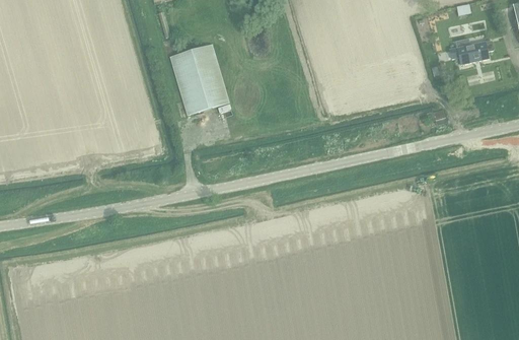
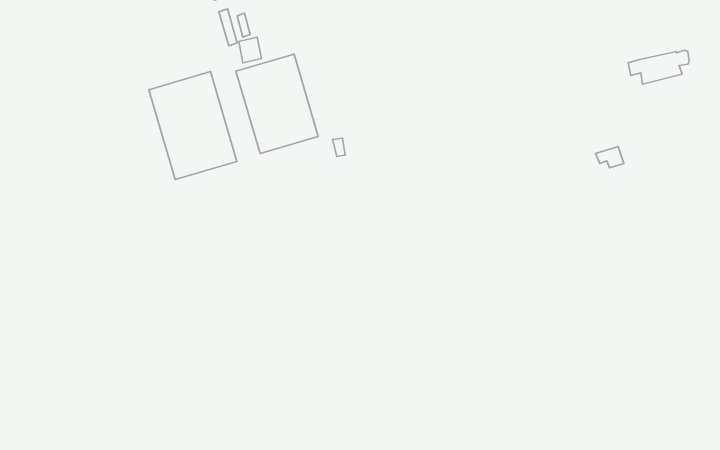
building: none -> [149,72,237,179]

